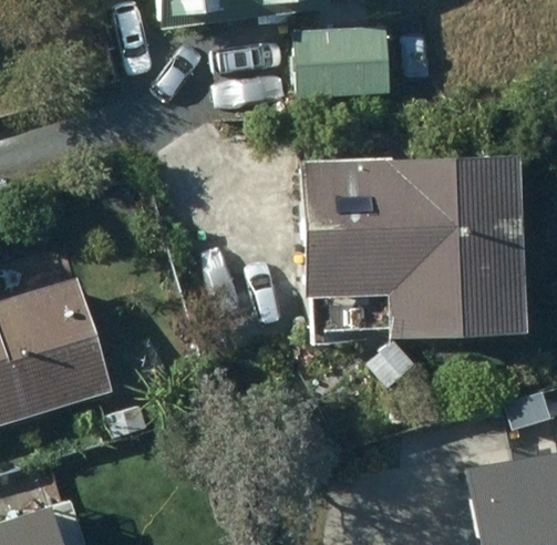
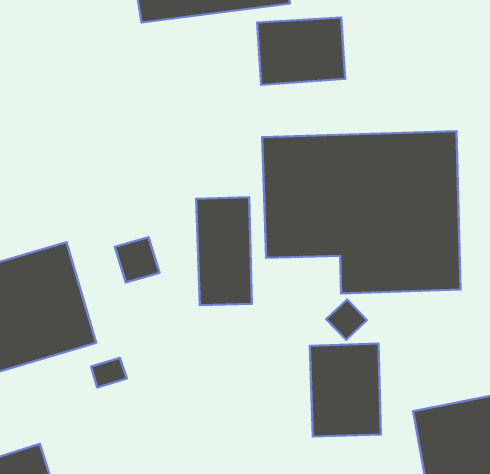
building: none -> [196,197,252,305]
building: none -> [310,344,381,436]

